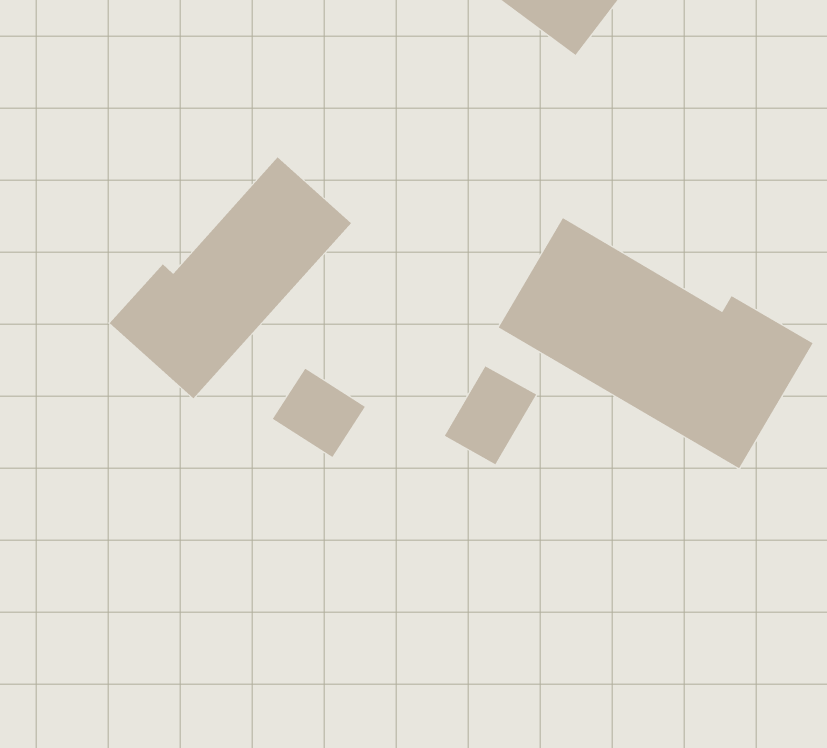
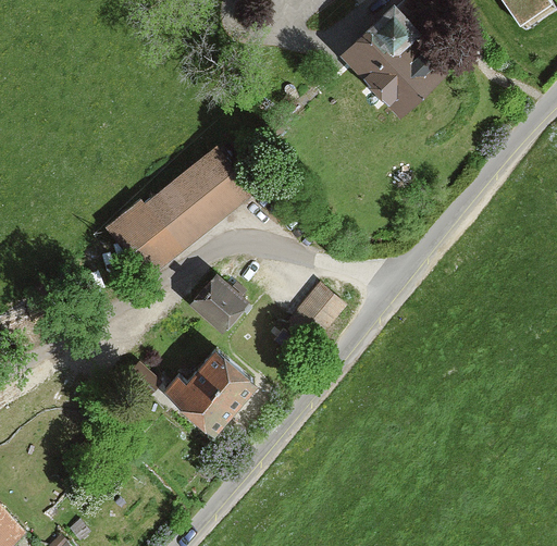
building: [498,217,813,469] -> none
building: none -> [163,346,255,431]

